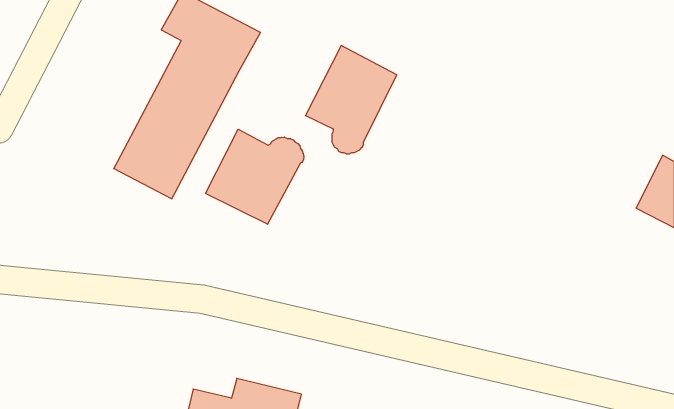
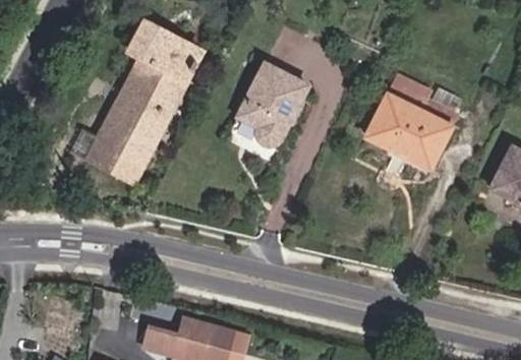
building: none -> [364,74,457,169]
building: [206,129,304,224] -> none

